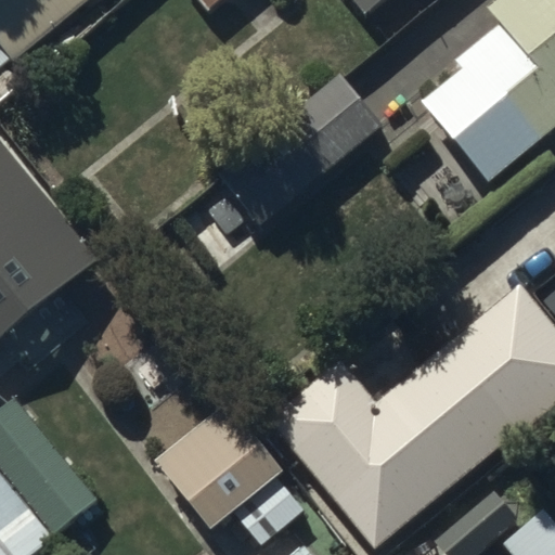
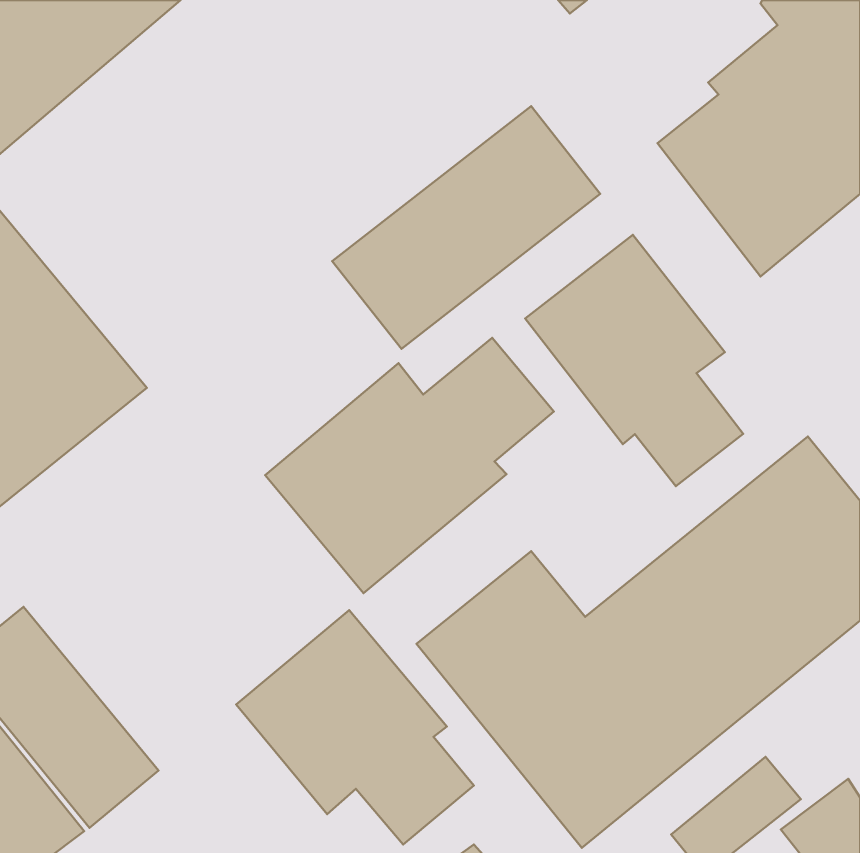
building: none -> [525,235,743,486]
building: none -> [265,338,554,593]

